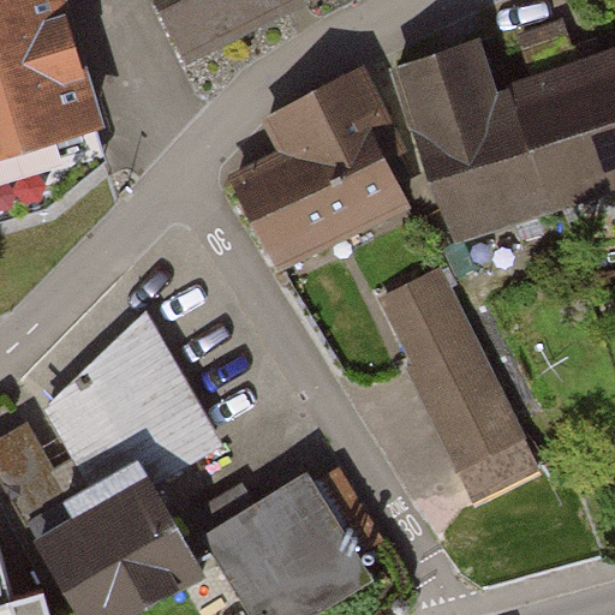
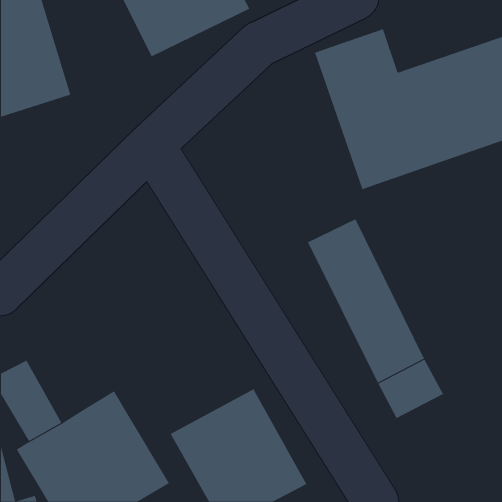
building: [237,77,393,267] -> none
building: [53,326,231,498] -> none

